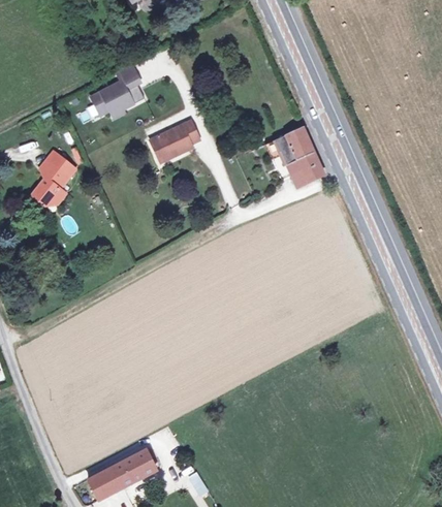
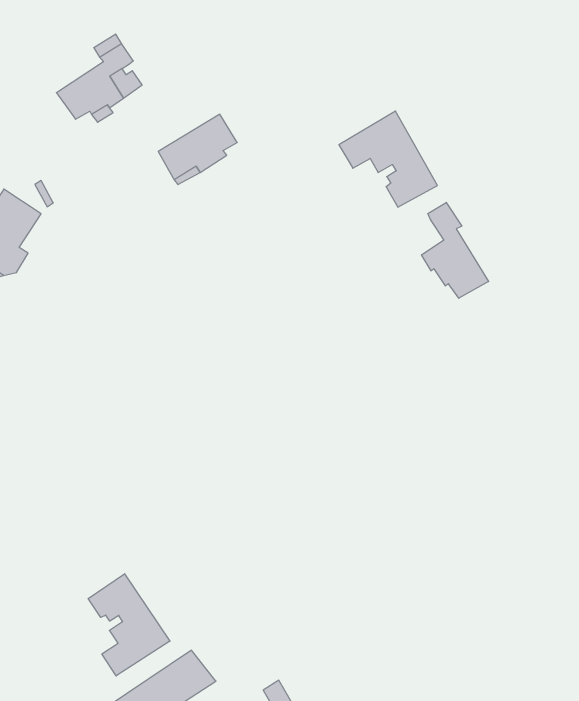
building: none -> [421,202,489,298]
building: none -> [88,574,170,676]

